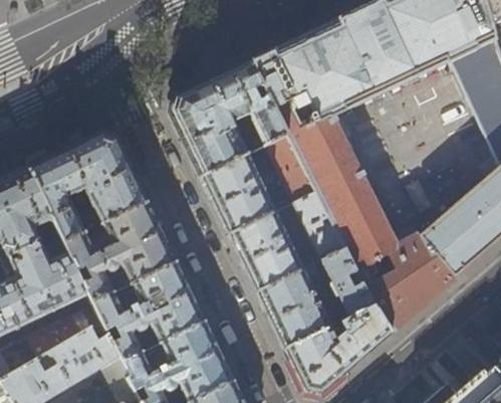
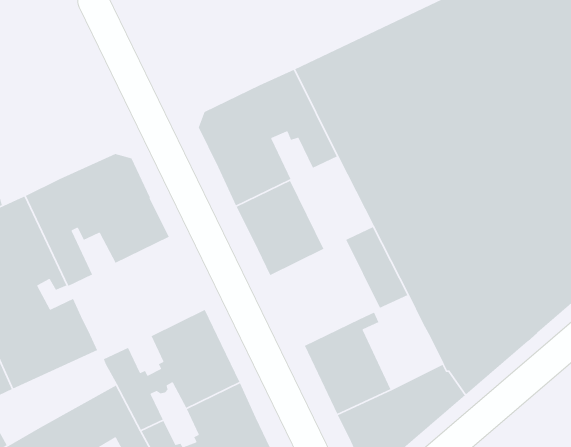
building: [266,136,316,203] -> none
building: [64,202,178,303] -> none
building: [231,212,304,291] -> none
building: [321,250,373,319] -> none
building: [29,308,104,359] -> none

